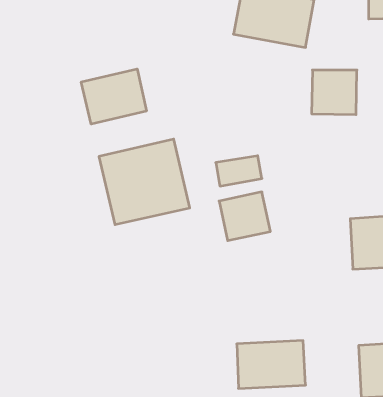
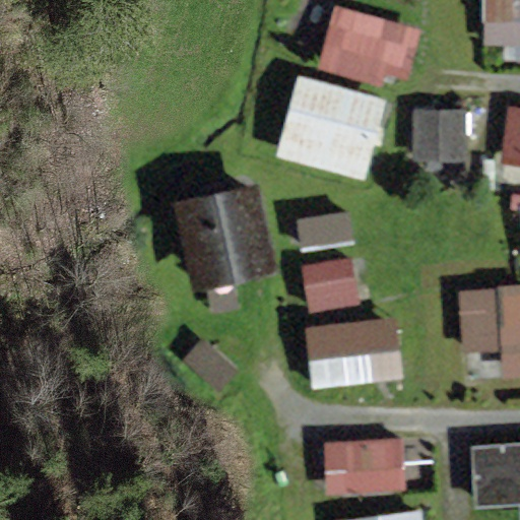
building: none -> [275,74,387,180]
building: [81,69,146,124] -> none
building: none -> [308,318,401,387]

